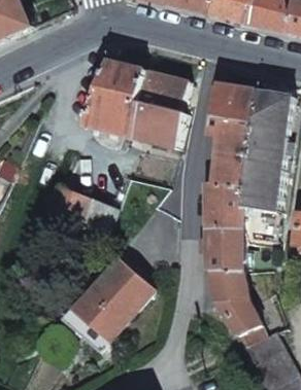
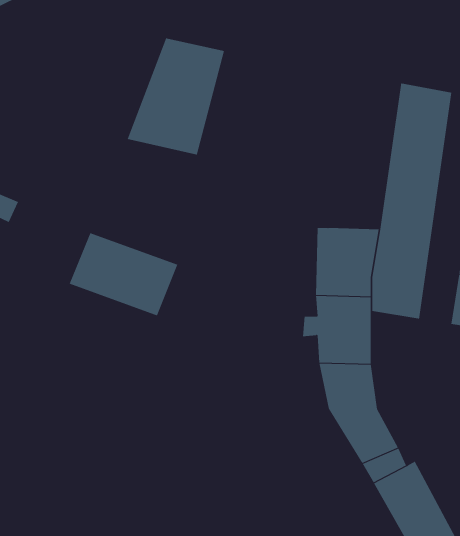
building: [130,68,186,146] -> none
building: [210,81,260,182] -> none
building: [65,259,153,350] -> none

